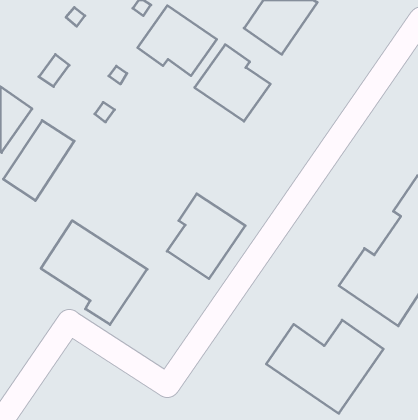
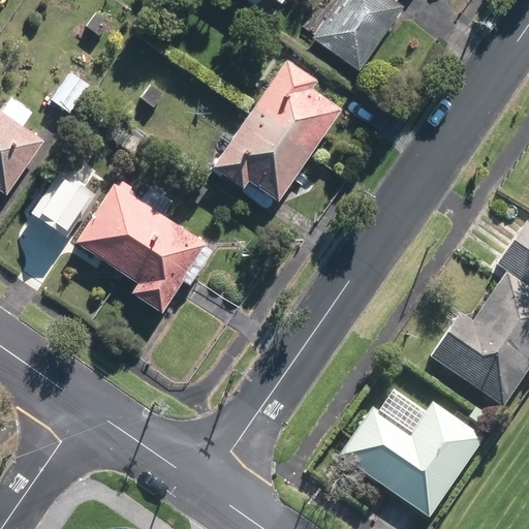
building: [138,6,217,76] -> [211,112,310,199]
building: [167,194,245,279] -> none
building: [41,221,147,325] -> [74,181,208,311]

